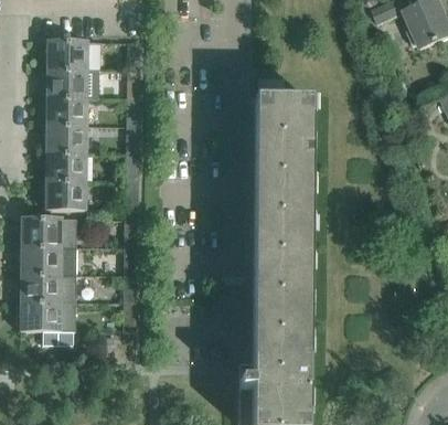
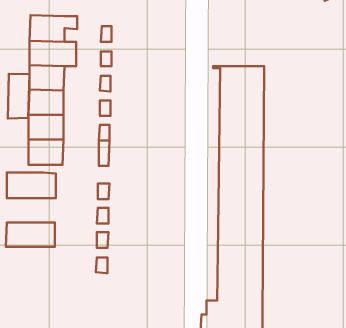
building: none -> [8,74,29,118]
building: [20,247,75,275] -> none
building: [19,302,74,331] -> none

